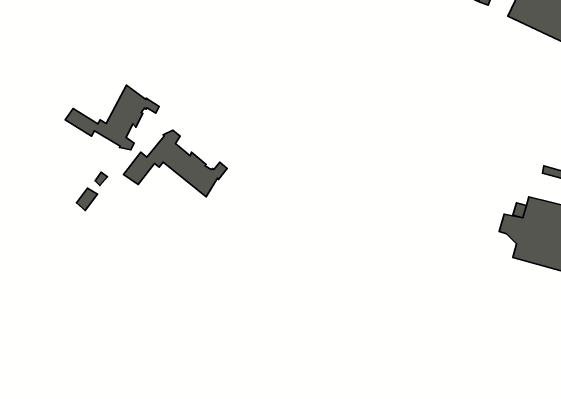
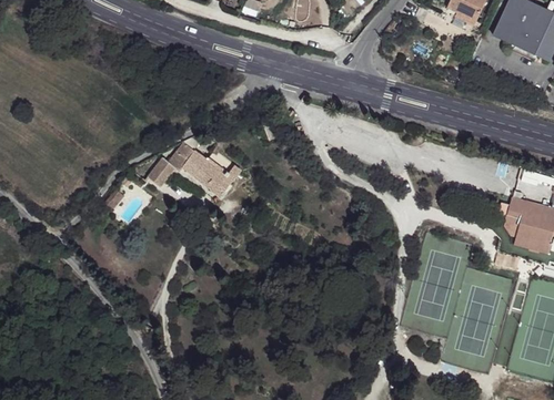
building: [65,85,159,150] -> none

